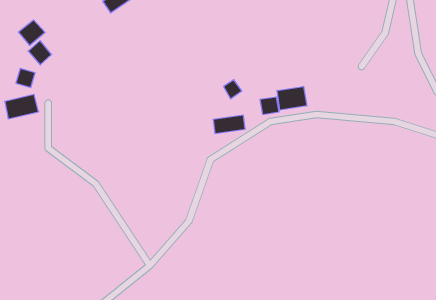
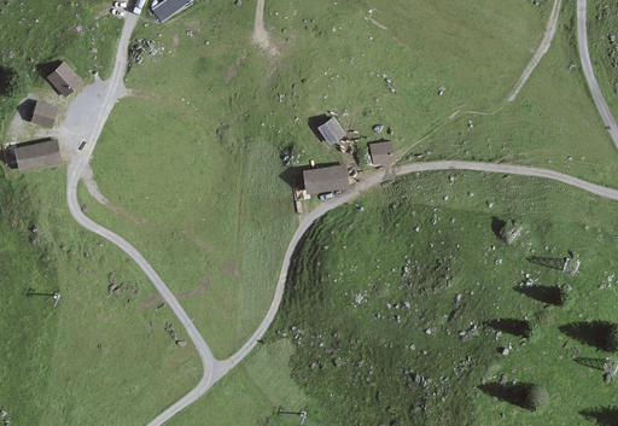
building: [18,20,45,46] -> none
building: [277,86,307,110] -> none

